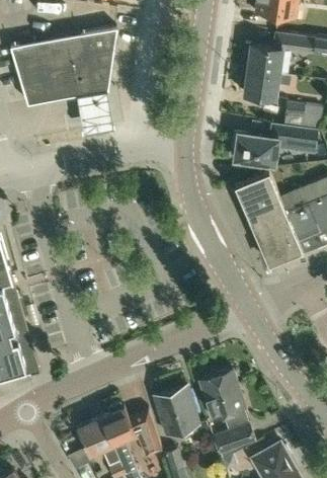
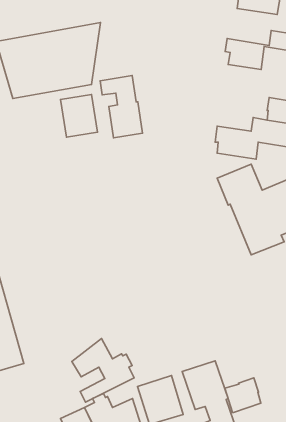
building: [243,70,292,100] -> none
building: none -> [100,76,143,138]
building: none -> [72,339,134,402]
building: none -> [225,378,261,413]

